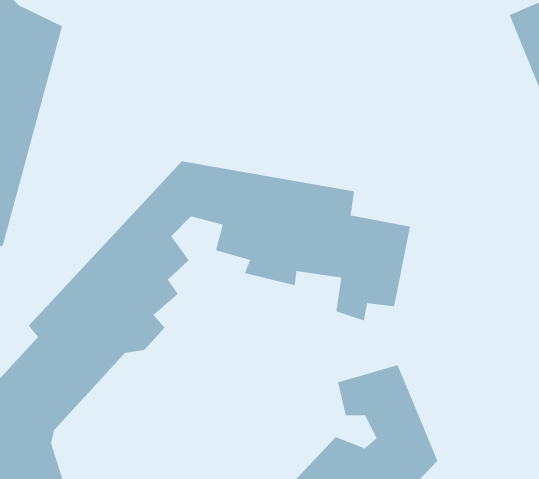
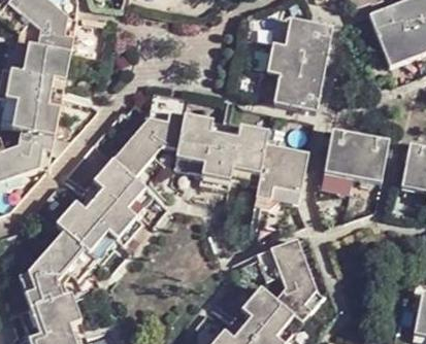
building: none -> [271,19,329,108]
building: none -> [325,132,378,183]

